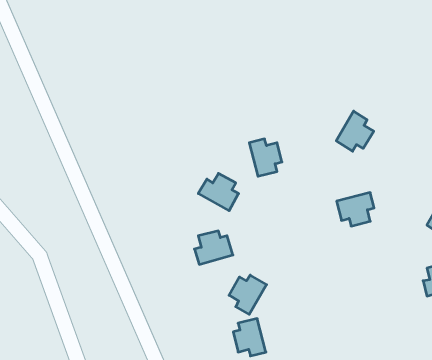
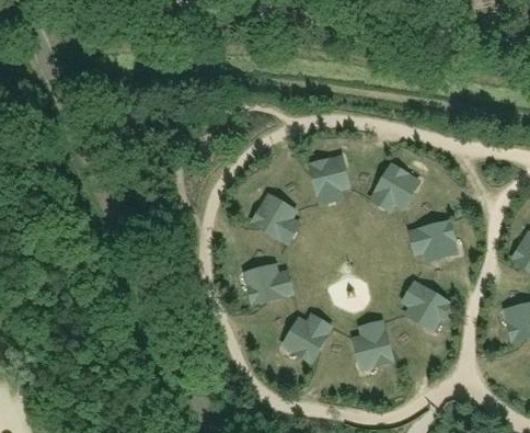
building: [336,111,374,151] -> [371,163,414,209]
building: none -> [403,282,448,324]
building: [233,319,266,356] -> [354,321,391,364]

